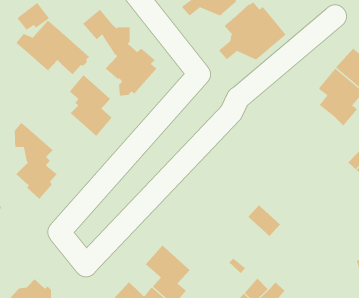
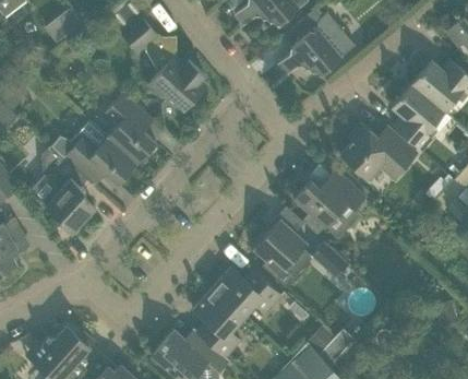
building: [16,20,90,76] -> [52,122,137,187]
building: none -> [340,125,418,181]
building: none -> [293,170,367,237]
building: none -> [252,217,308,285]
building: none -> [213,269,281,318]

